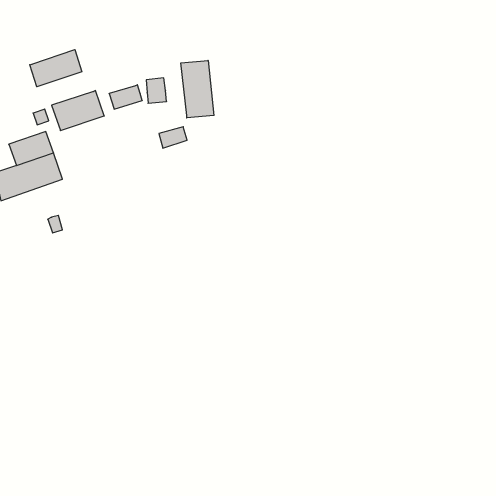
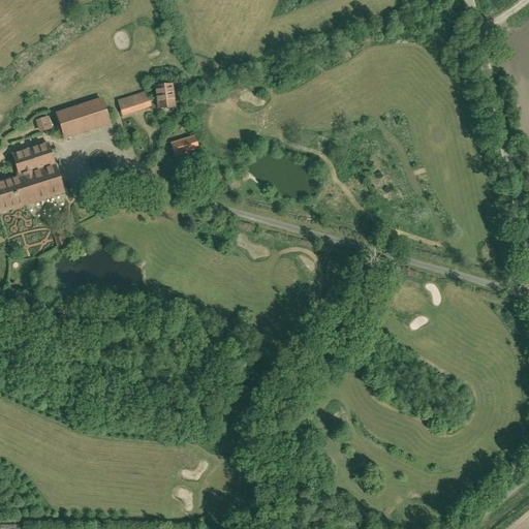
building: [30,50,82,87] -> none
building: [181,60,214,118] -> none

